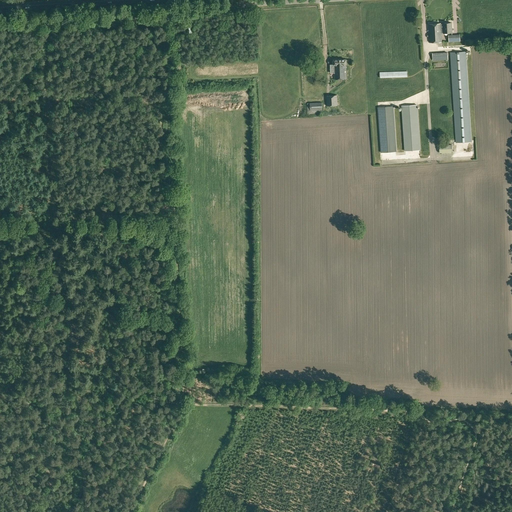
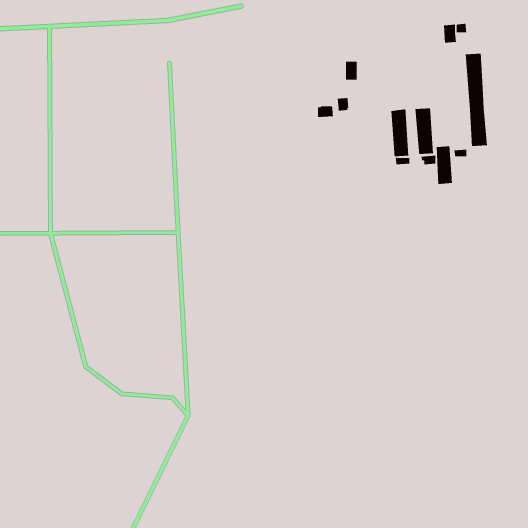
building: none -> [436,146,453,185]

